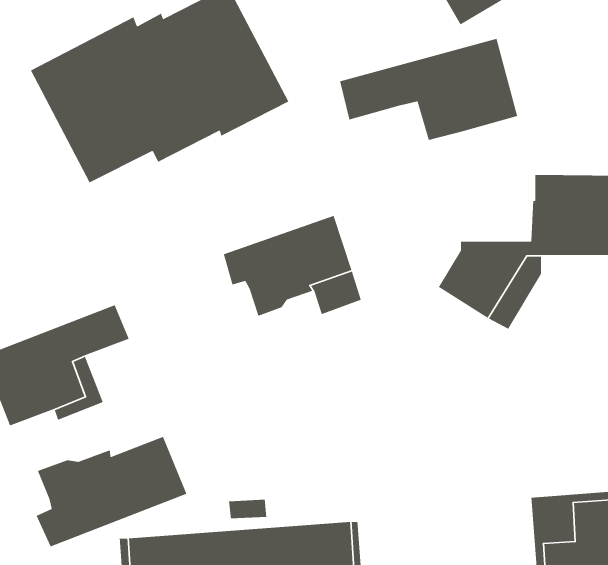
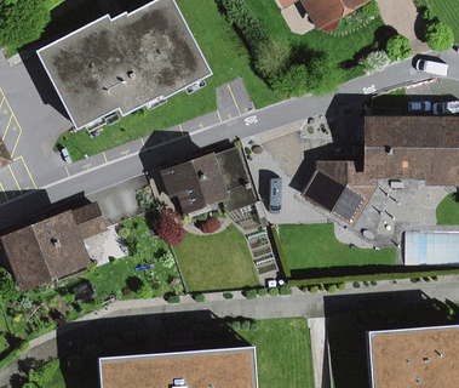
building: [339,38,518,141] -> none
building: [35,436,188,548] -> none

